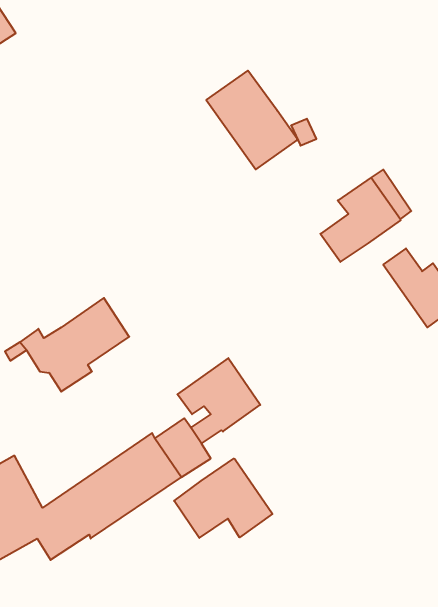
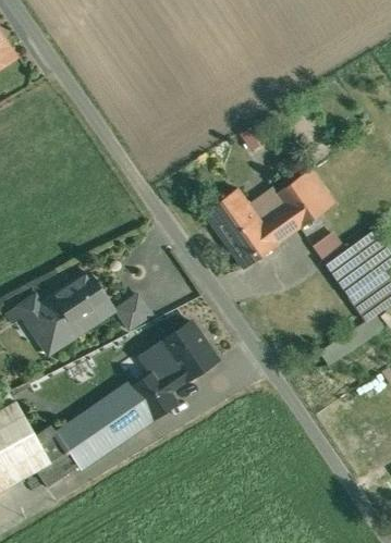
building: [206,71,297,169] -> [206,188,280,269]
building: none -> [113,295,150,331]
building: [174,459,272,538] -> none

